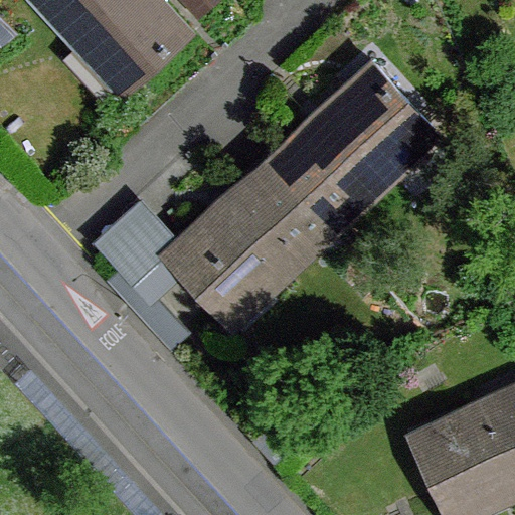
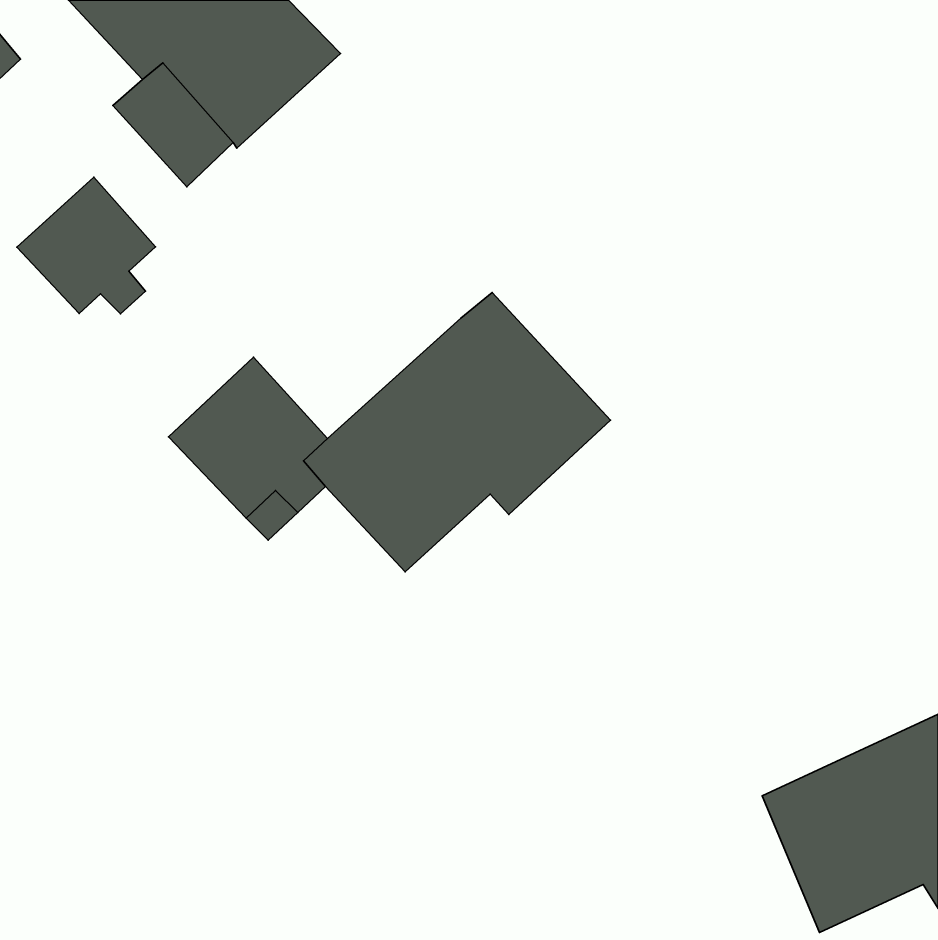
building: [268,68,424,231] -> none
building: none -> [17,177,156,314]

